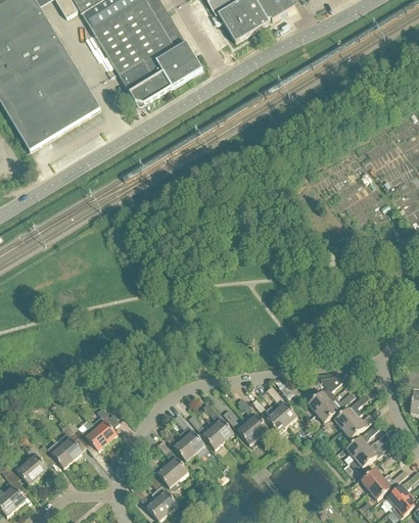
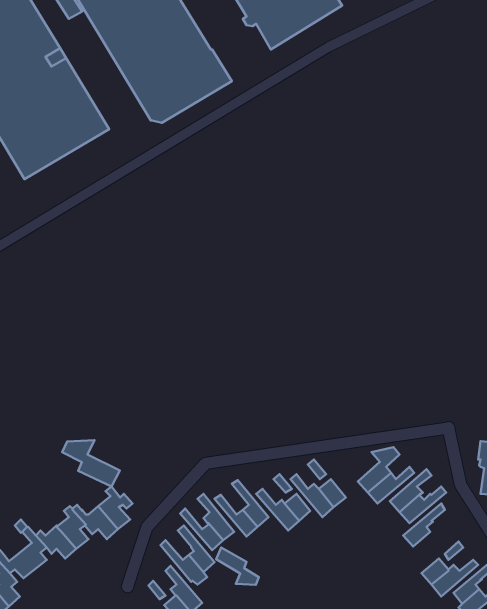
building: none -> [62,440,120,486]
building: [354,435,393,467] -> none
building: none -> [216,548,259,585]

